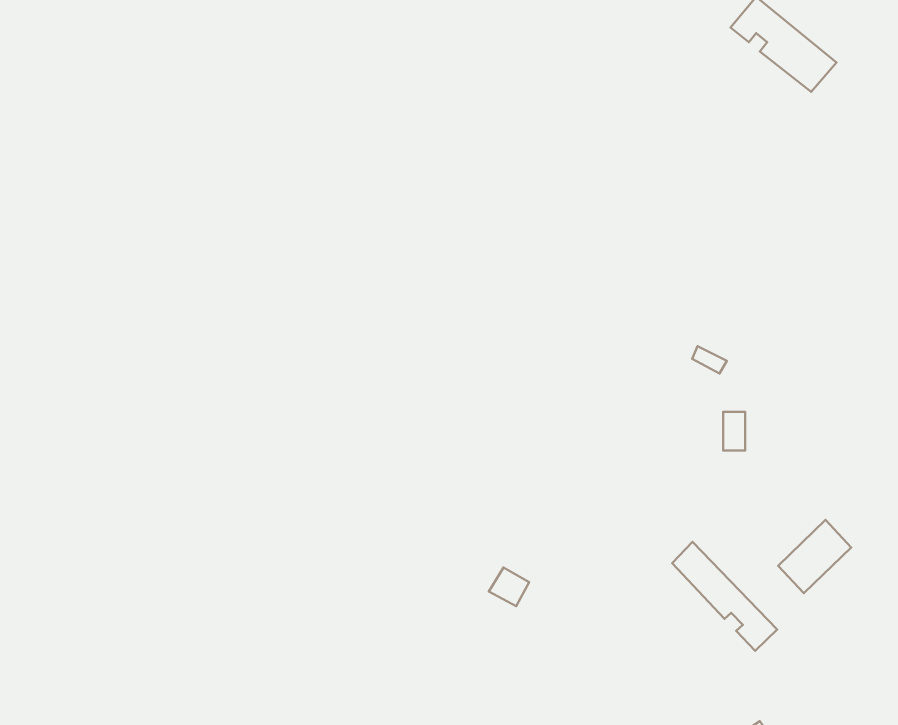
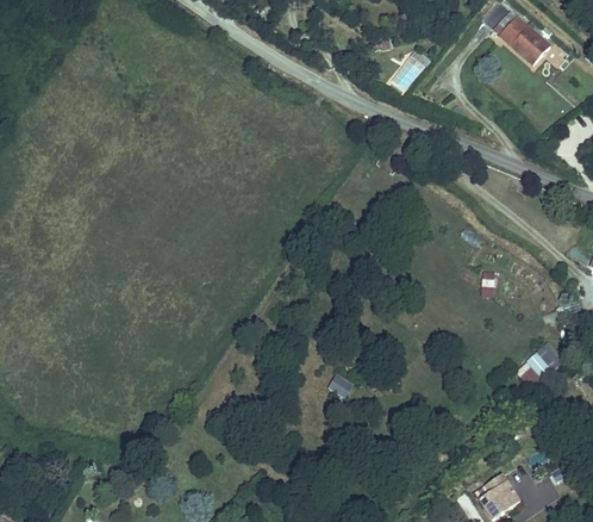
building: [672,542,777,651] -> none

